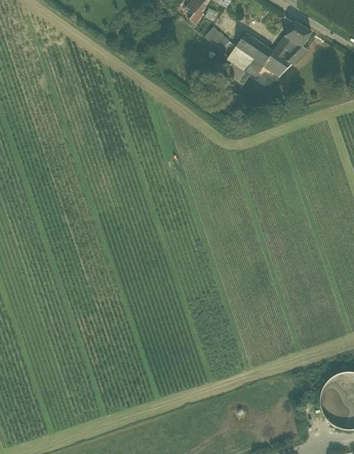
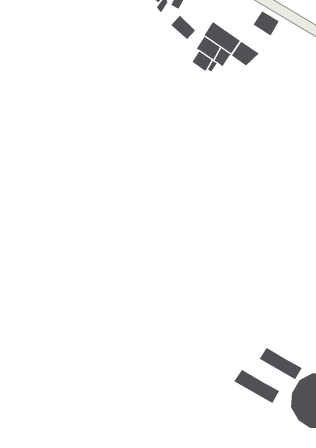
building: [273,35,307,63] -> none
building: none -> [259,347,302,380]
building: none -> [234,368,280,404]

